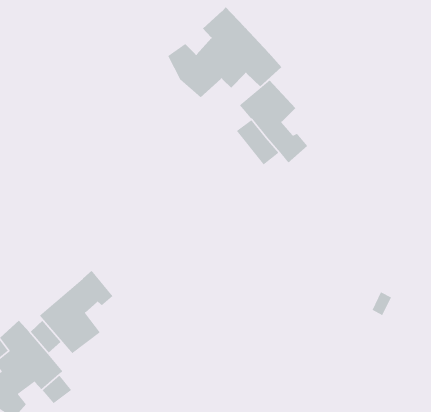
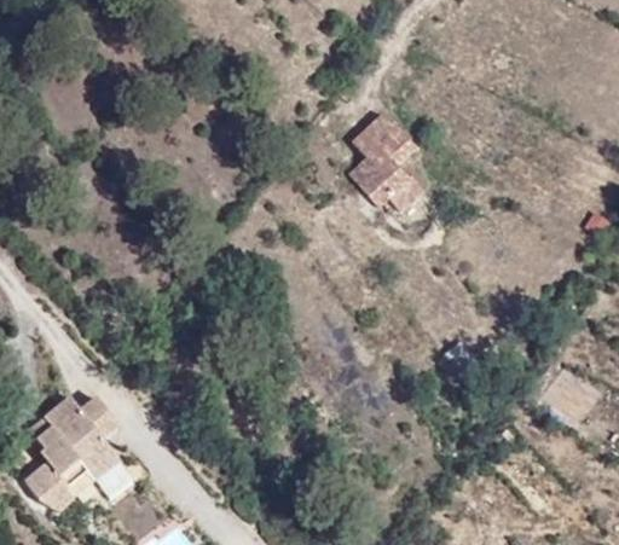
building: [167,6,282,98] -> none
building: [39,270,113,354] -> none

